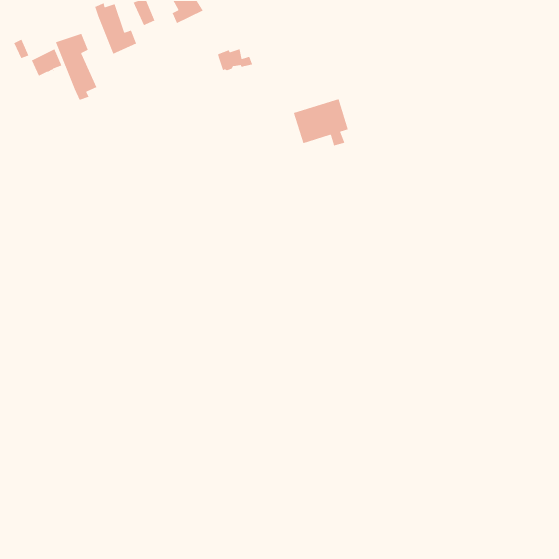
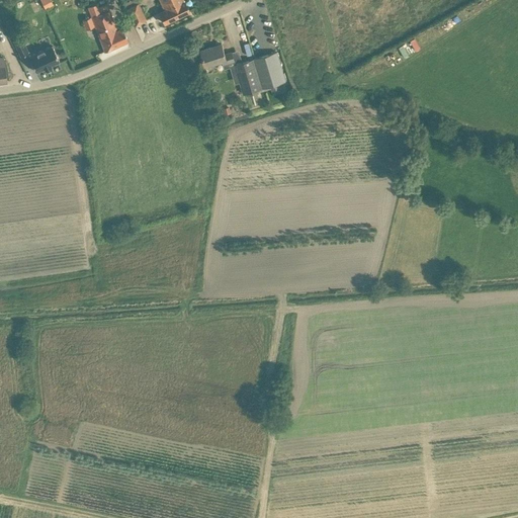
building: [55,33,97,101] -> none
building: [293,98,349,146] -> [234,52,285,96]

